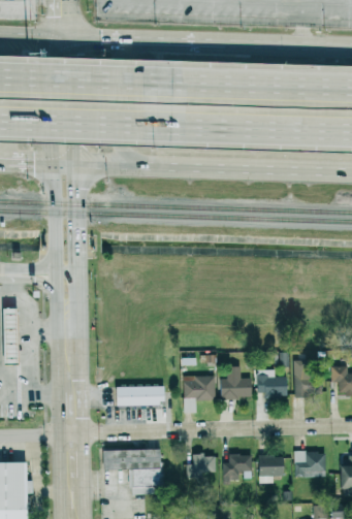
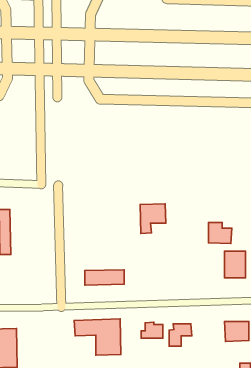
building: [220,366,252,399] -> none
building: [257,370,287,397] -> [208,223,232,244]
building: [183,376,216,414] -> [140,204,166,234]
building: [258,456,283,484] -> none

